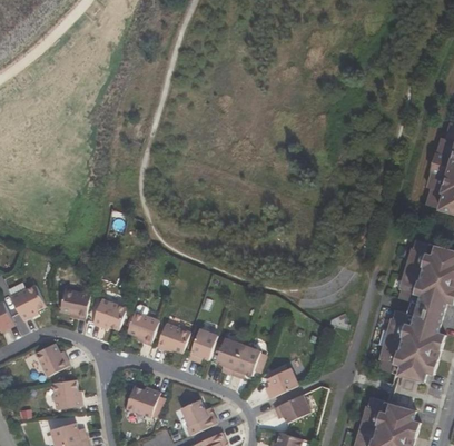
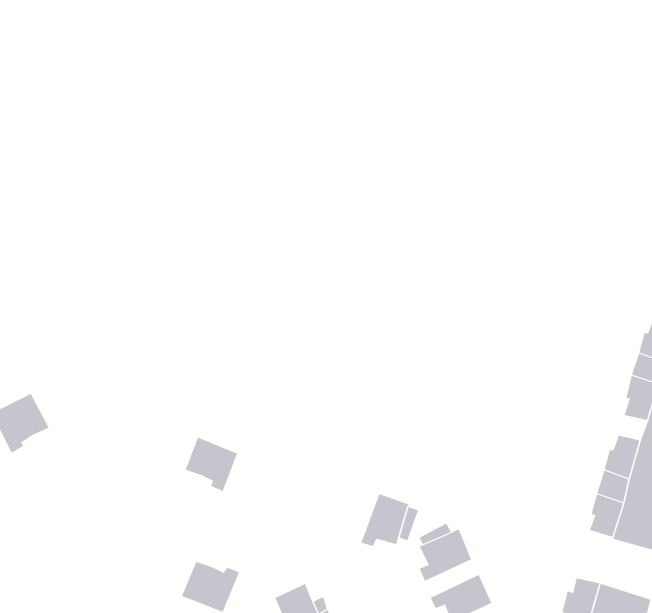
building: [61,290,91,320] -> none
building: [95,299,128,330] -> none
building: [161,325,195,354] -> none
building: [194,330,223,363] -> none
building: [220,339,247,376] -> none
building: [33,344,69,378] -> none
building: [52,381,80,409] -> none

